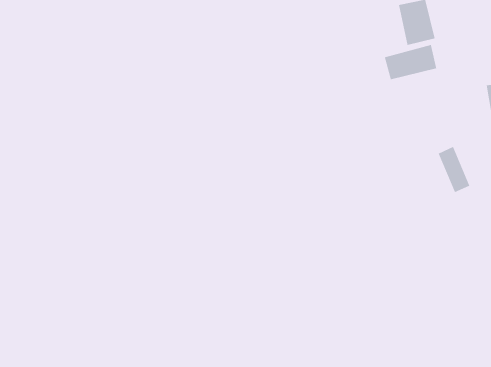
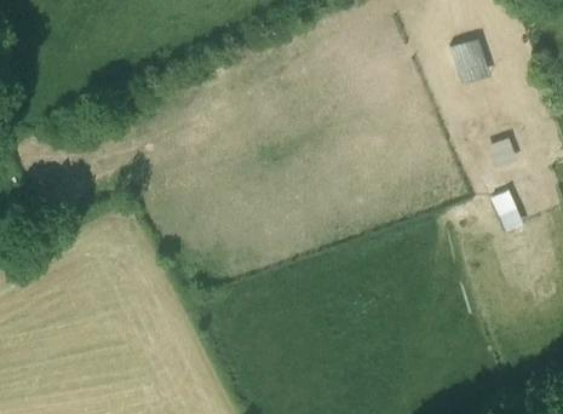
building: [384,44,437,80] -> none

